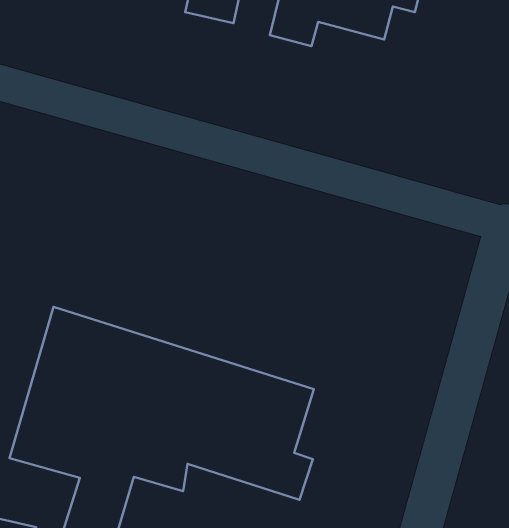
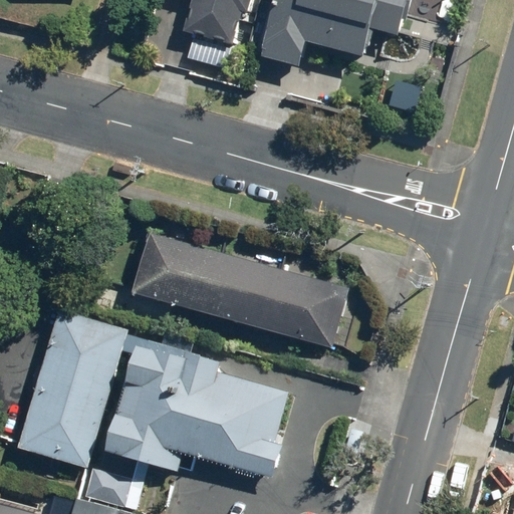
building: none -> [136,226,344,345]

